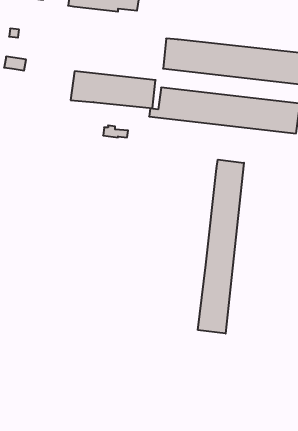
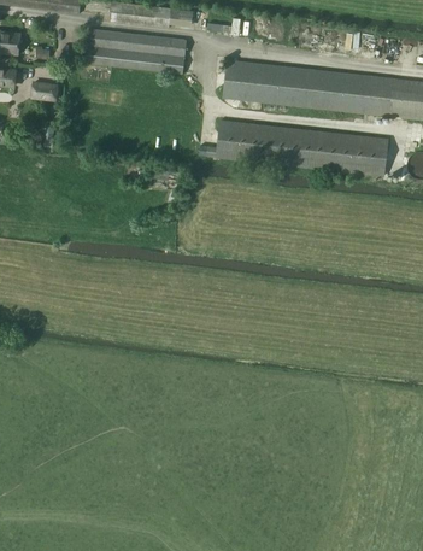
building: [71,71,156,108] -> [86,28,188,72]
building: [198,160,244,334] -> none

